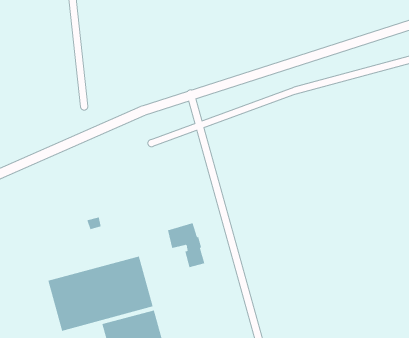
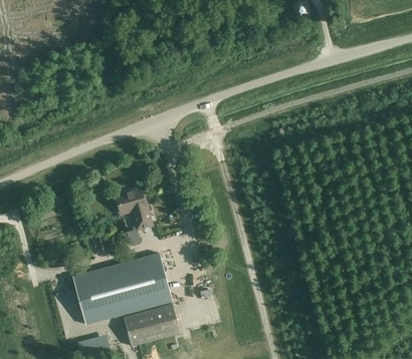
building: [167,222,205,268] -> [116,188,151,230]

